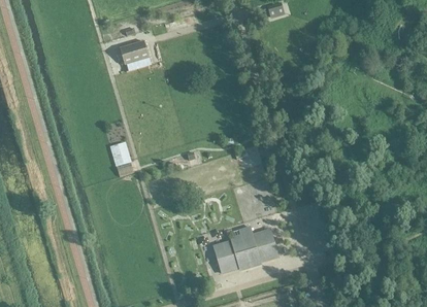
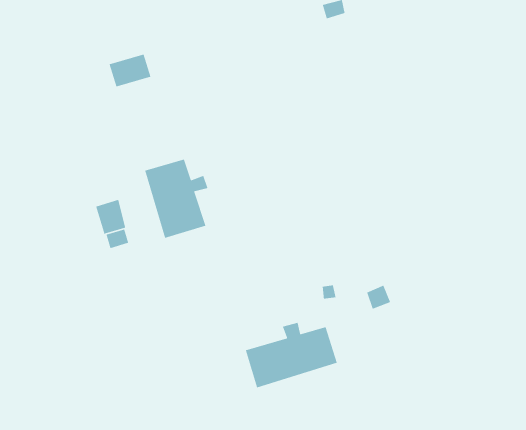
building: none -> [144,158,209,239]

